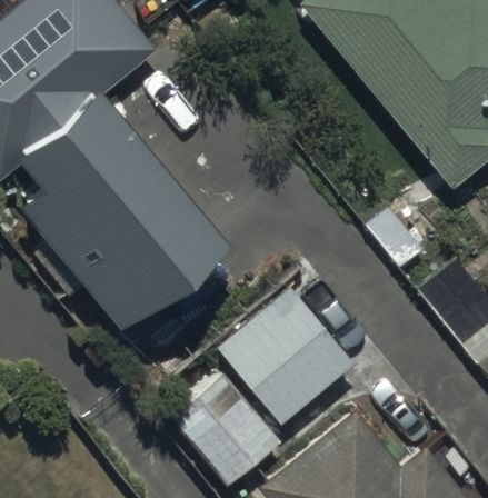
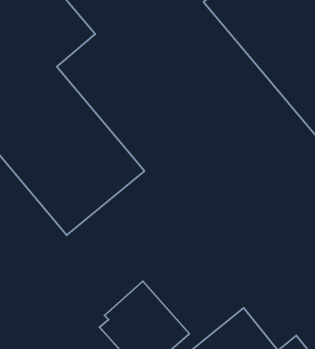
building: [218,290,352,425] -> none

